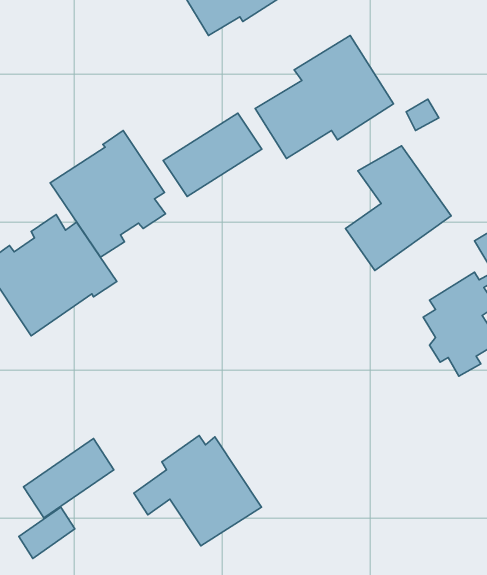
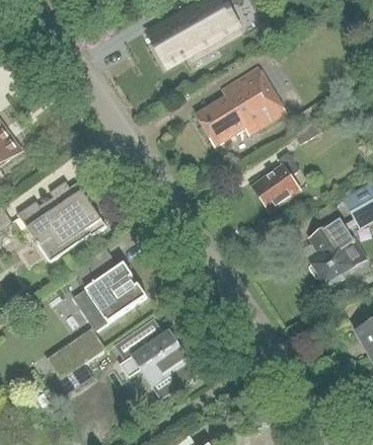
building: [163,113,262,196] -> none
building: [50,130,166,257] -> none
building: none -> [73,261,146,328]

